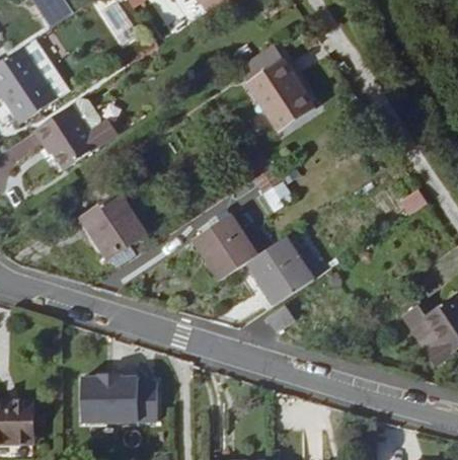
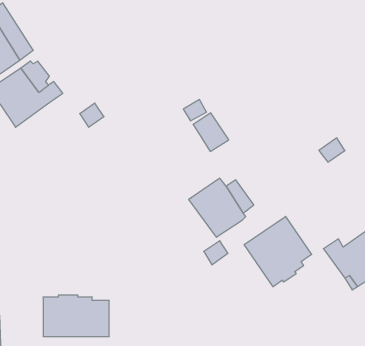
building: [244,56,314,134] -> none
building: [79,191,144,256] -> none
building: [196,219,250,279] -> none
building: none -> [244,216,312,287]

